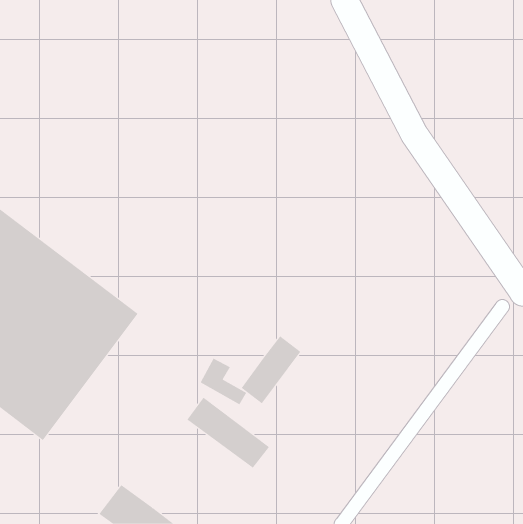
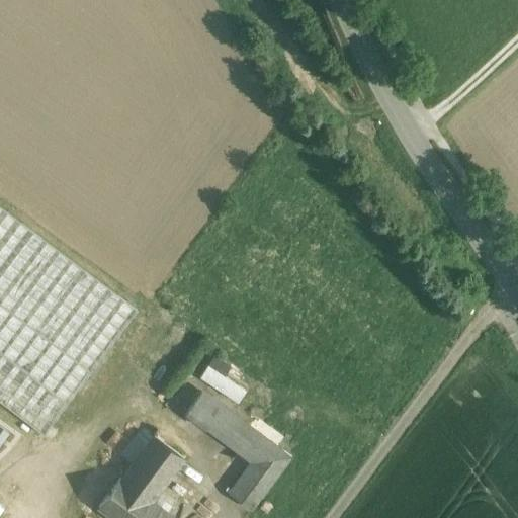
building: [241,336,301,404] -> [228,441,287,509]
building: none -> [120,435,183,501]

